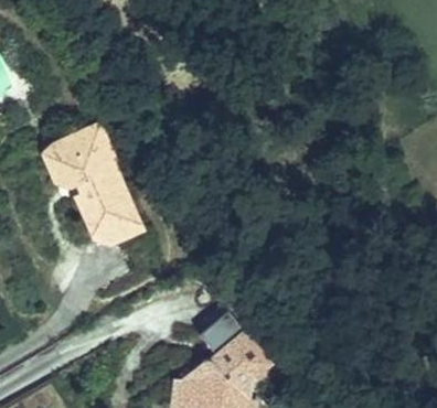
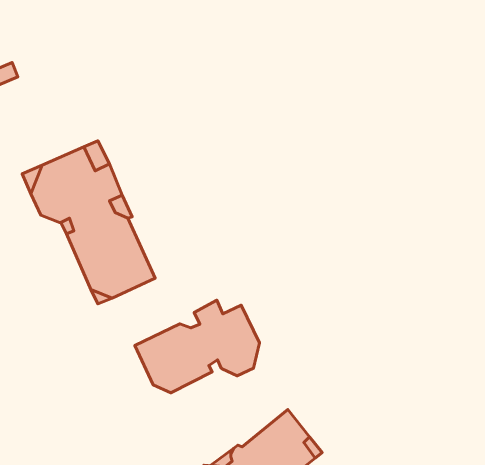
building: none -> [135,300,259,393]

